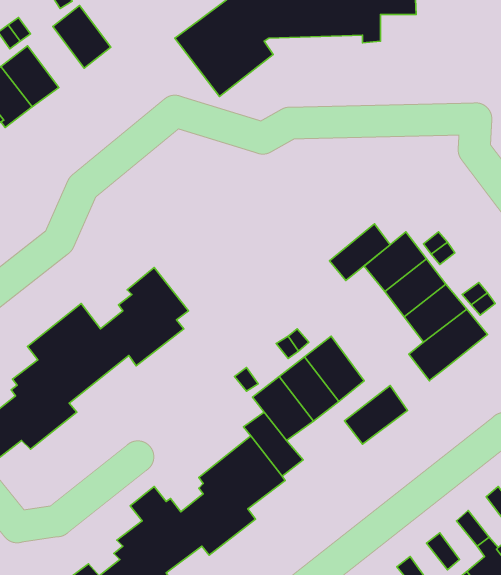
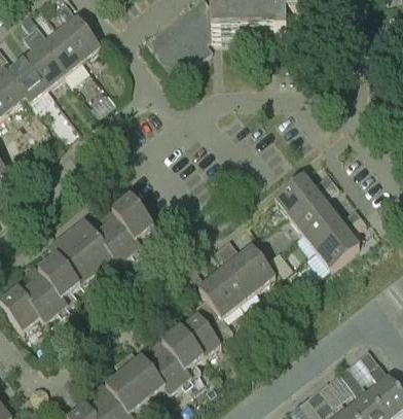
building: none -> [42,30,88,82]
building: [330,224,390,280] -> none
building: [345,386,408,444] -> none

